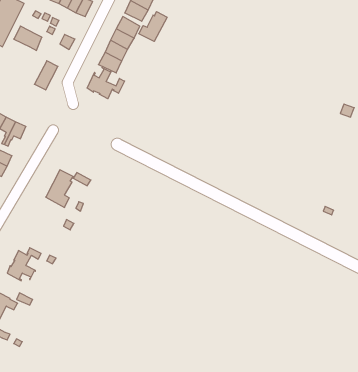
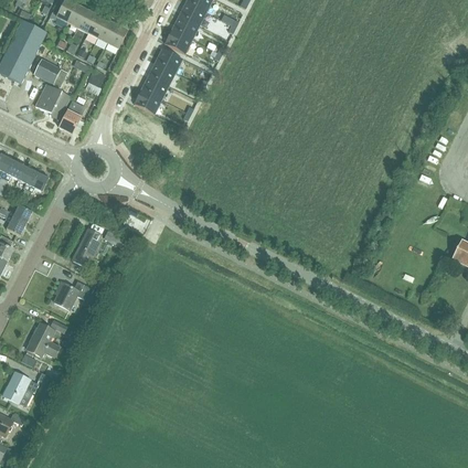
building: [139,12,167,41] -> none
building: none -> [35,83,70,119]
building: [87,67,125,99] -> none
building: none -> [53,280,89,309]

